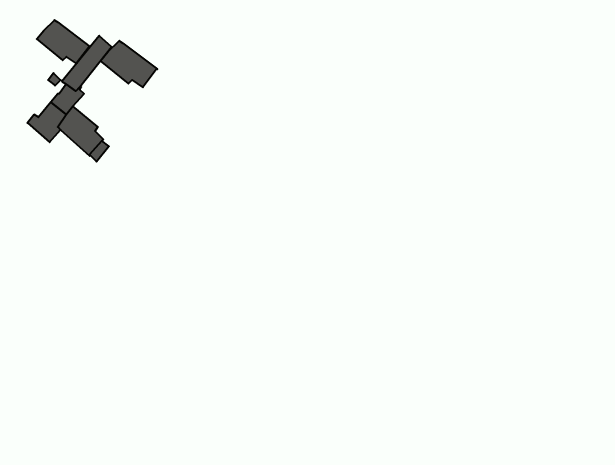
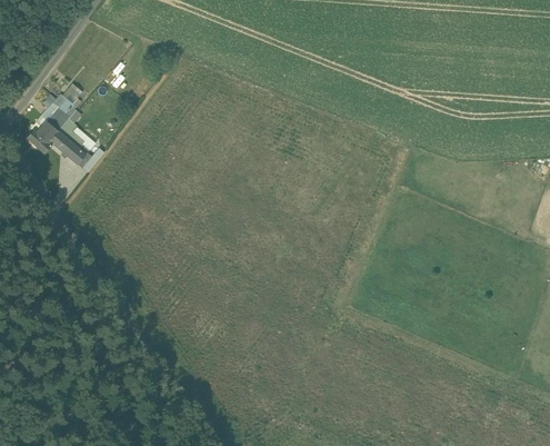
building: [37,20,90,64] -> none
building: [101,41,157,87] -> none

